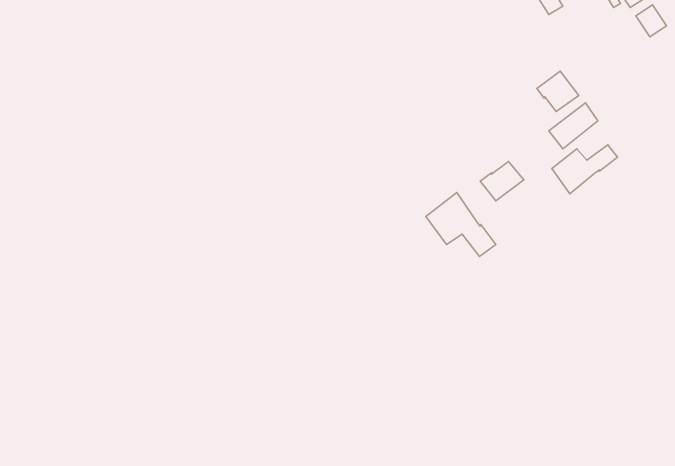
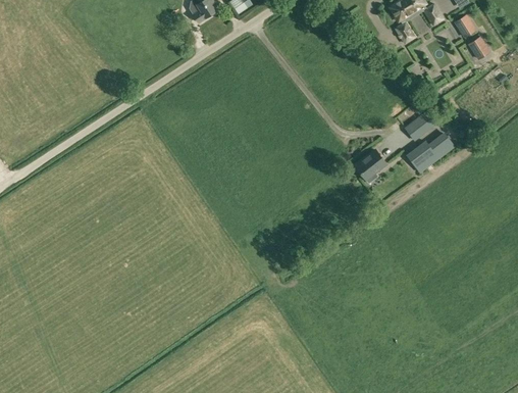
building: [537,71,579,111] -> none
building: [426,192,496,256] -> none

